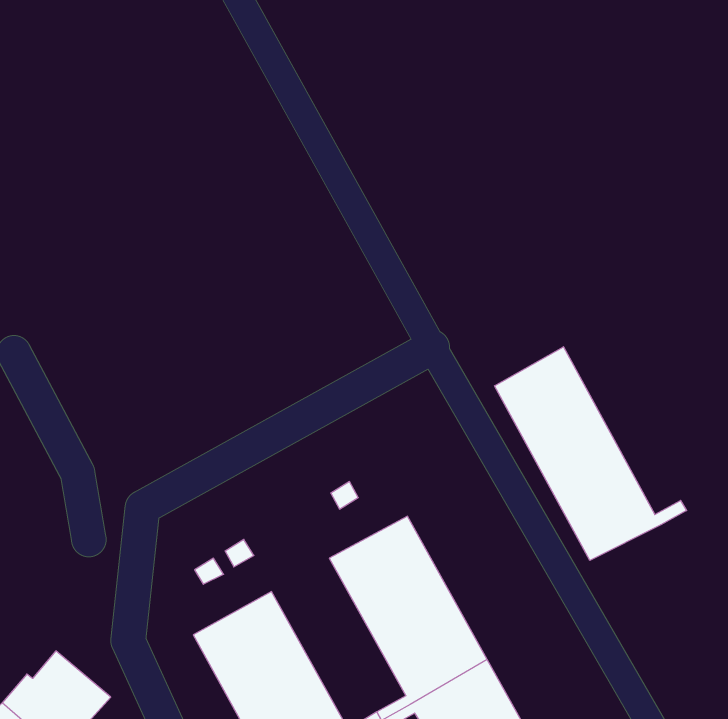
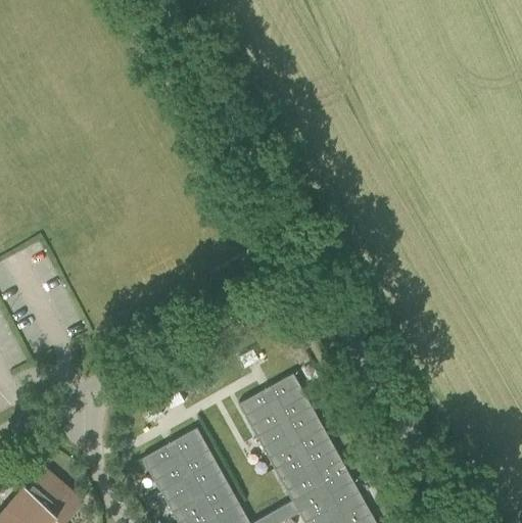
building: [495,347,687,560] -> none

